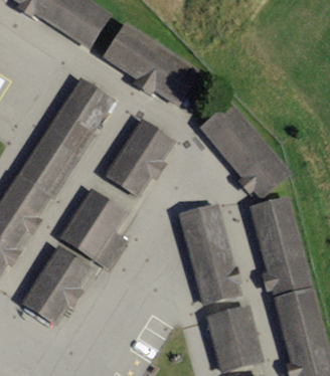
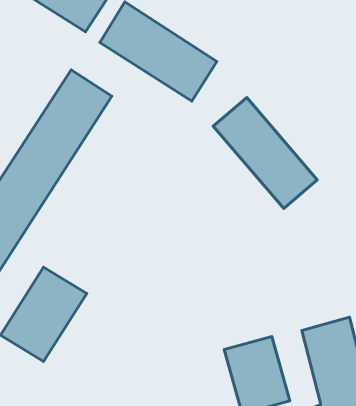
building: [106,119,177,198] -> none
building: [61,189,127,266] -> none
building: [249,195,314,299] -> none
building: [178,203,240,303] -> none

